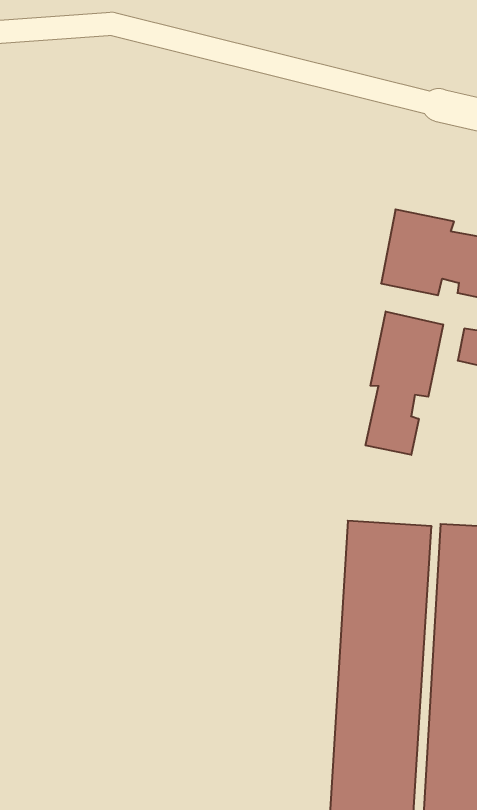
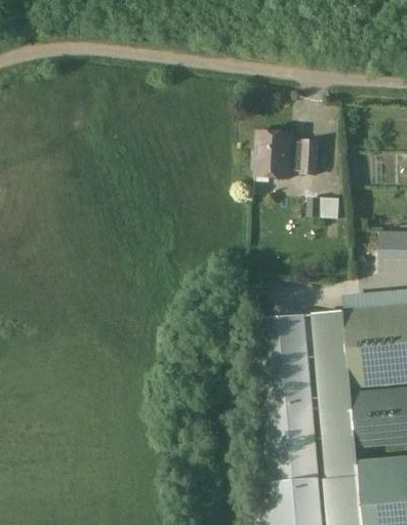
building: [366,311,443,455] -> none

